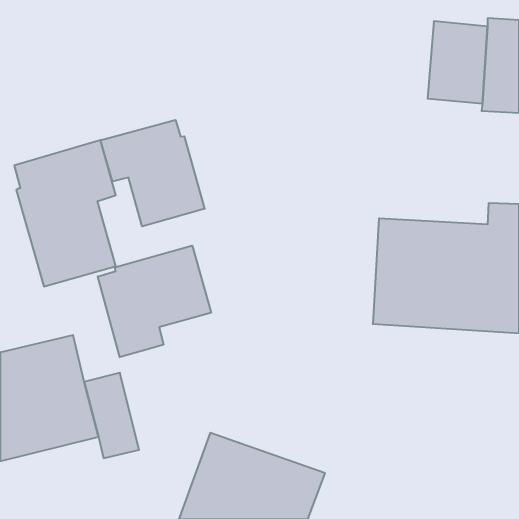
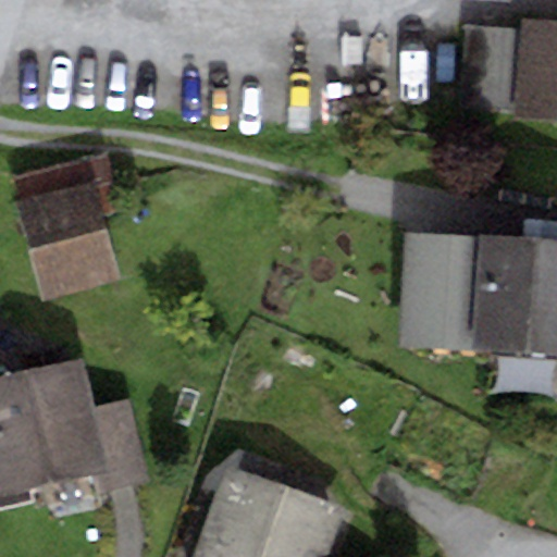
building: [101,120,205,226] -> none
building: [98,246,211,357] -> none

